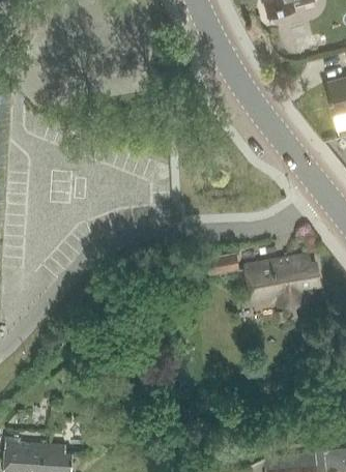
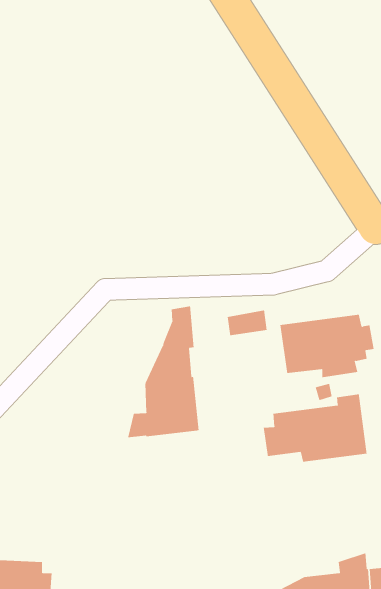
building: none -> [128,305,208,438]
building: none -> [263,393,367,462]

